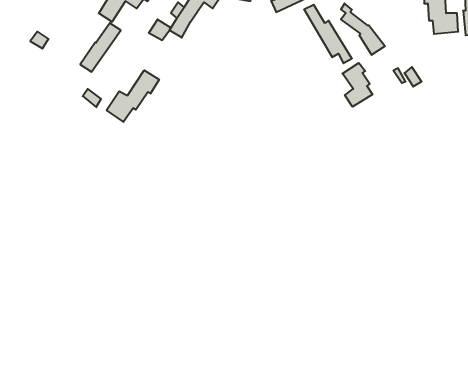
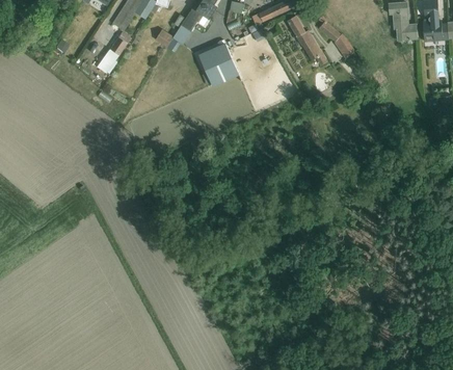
building: none -> [198,42,239,85]
building: [342,63,372,107] -> none
building: [107,70,159,122] -> none

